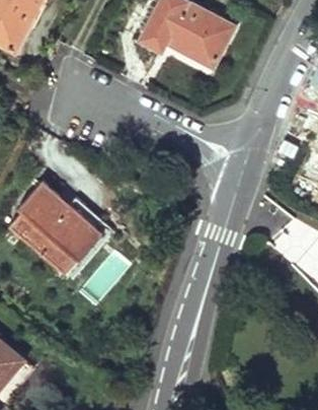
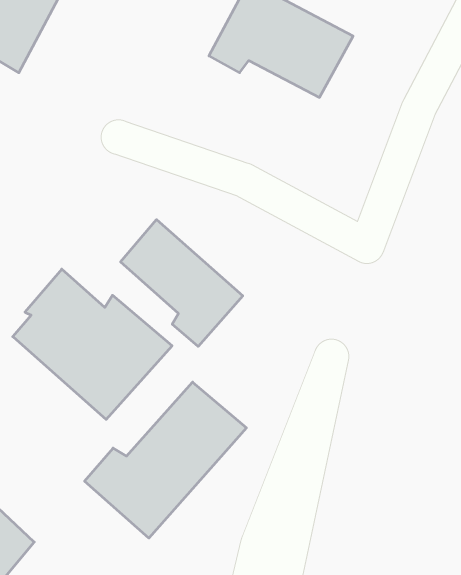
building: none -> [121,220,243,346]
building: none -> [85,382,246,538]

